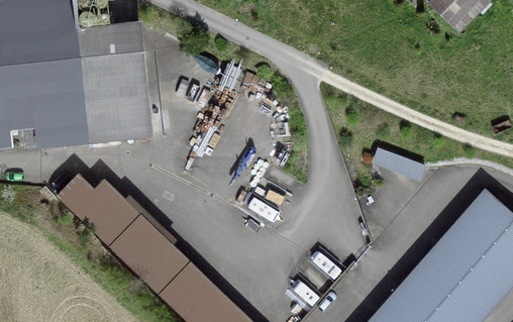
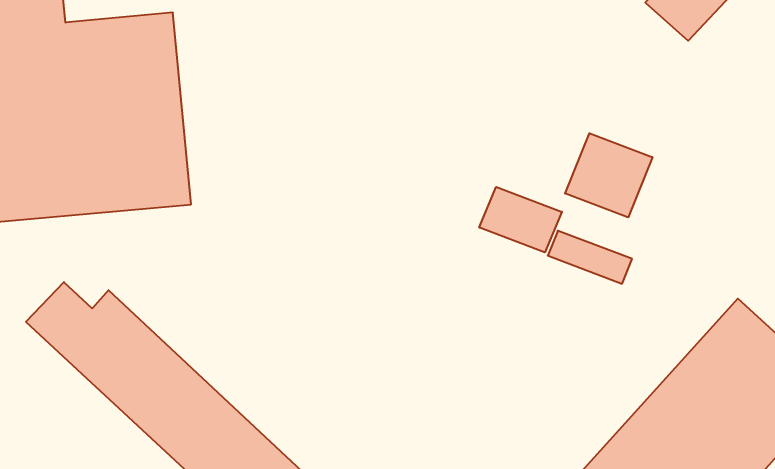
building: none -> [565,133,652,217]
building: none -> [479,187,562,252]

